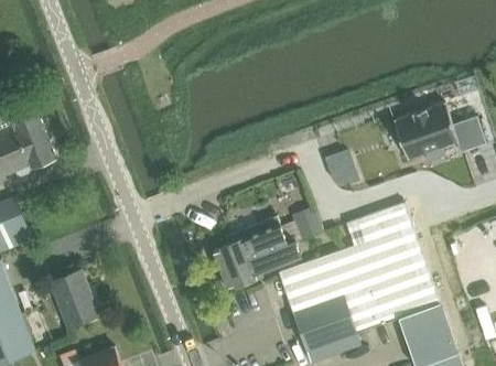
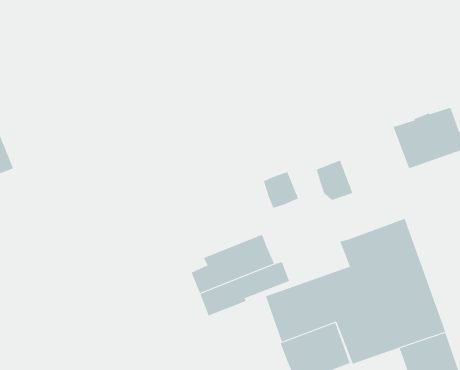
building: [291,207,323,240] -> [263,171,299,209]
building: [50,270,99,329] -> none

